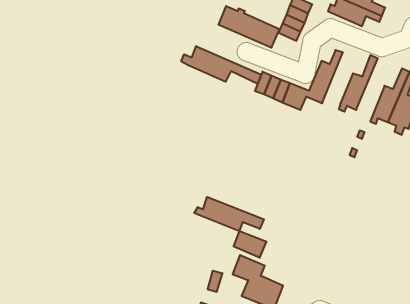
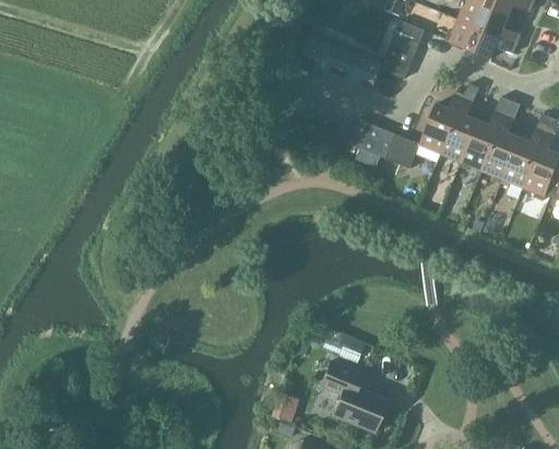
building: none -> [440,84,478,161]
building: [181,46,261,84] -> none
building: none -> [481,102,520,185]
building: [194,197,264,231] -> none

